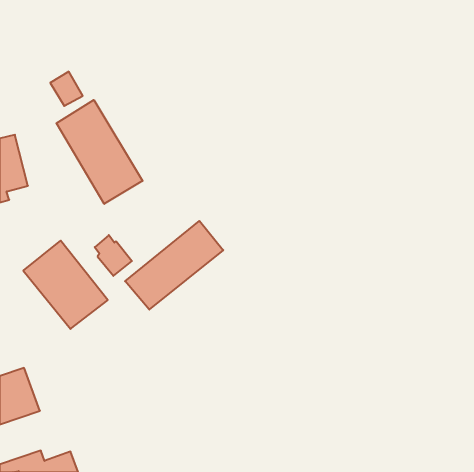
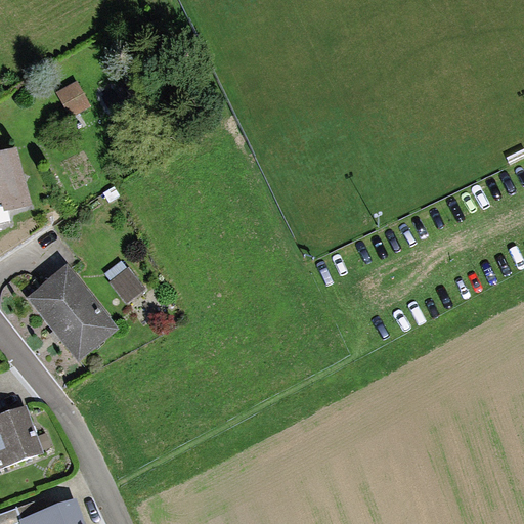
building: [56,100,143,204] -> none
building: [125,221,223,310] -> none

